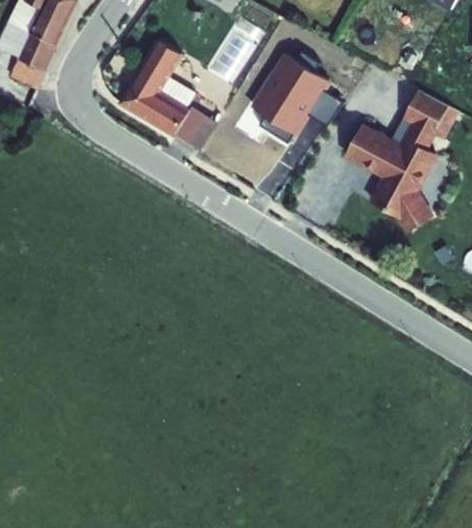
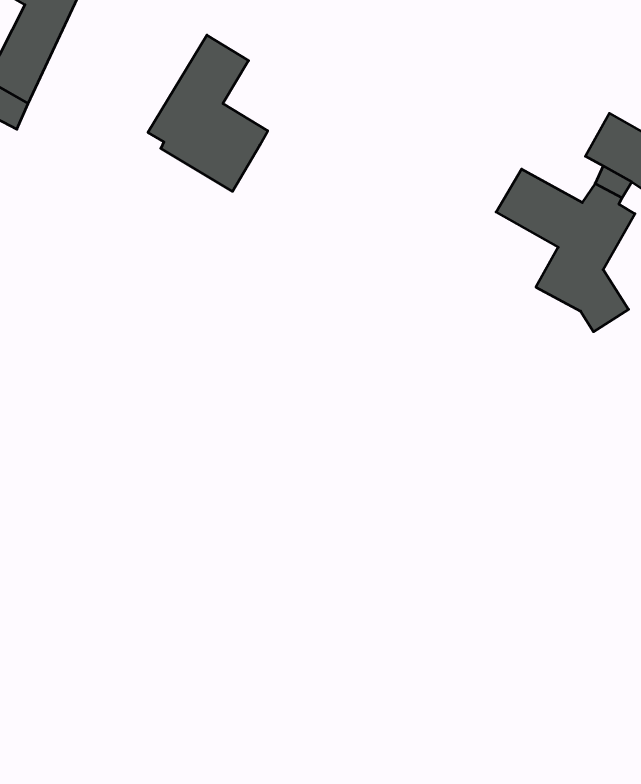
building: [211,28,257,81] -> none
building: [258,54,342,145] -> none
building: [173,105,216,151] -> none

